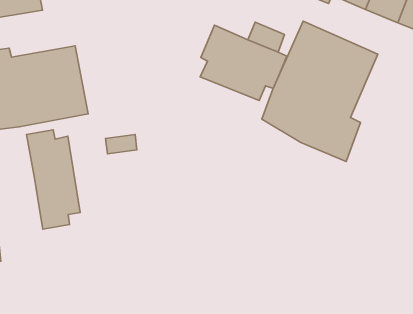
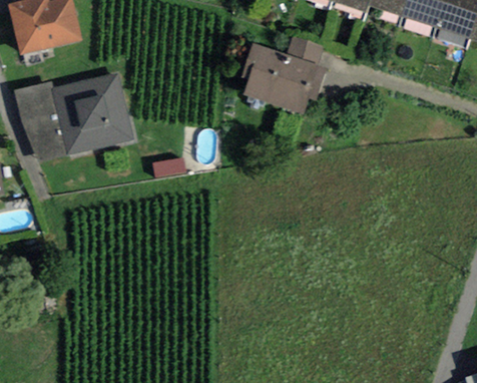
building: [262,21,378,161] -> none
building: [27,130,80,229] -> none

